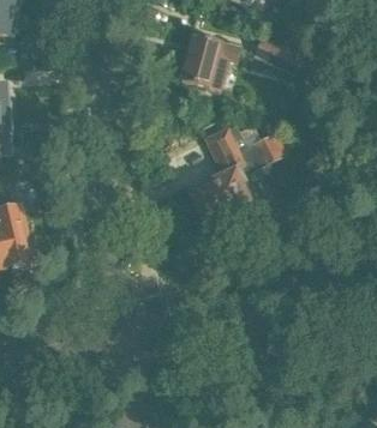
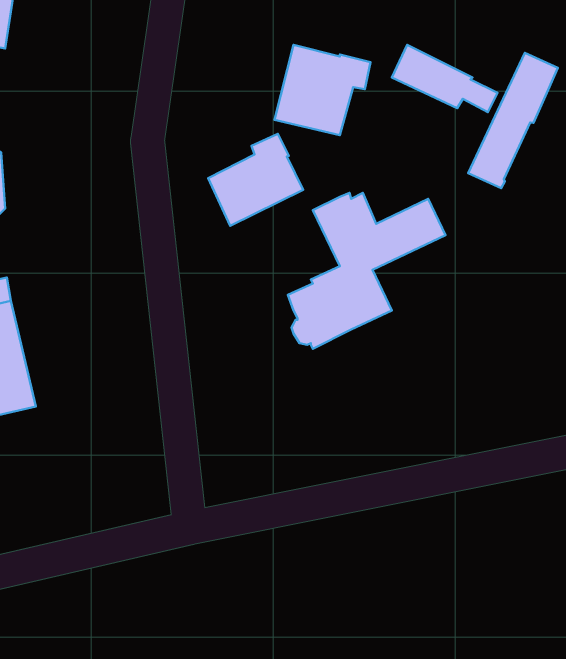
building: none -> [468,53,558,188]
building: none -> [208,134,303,226]

